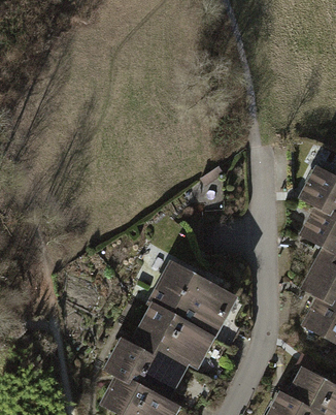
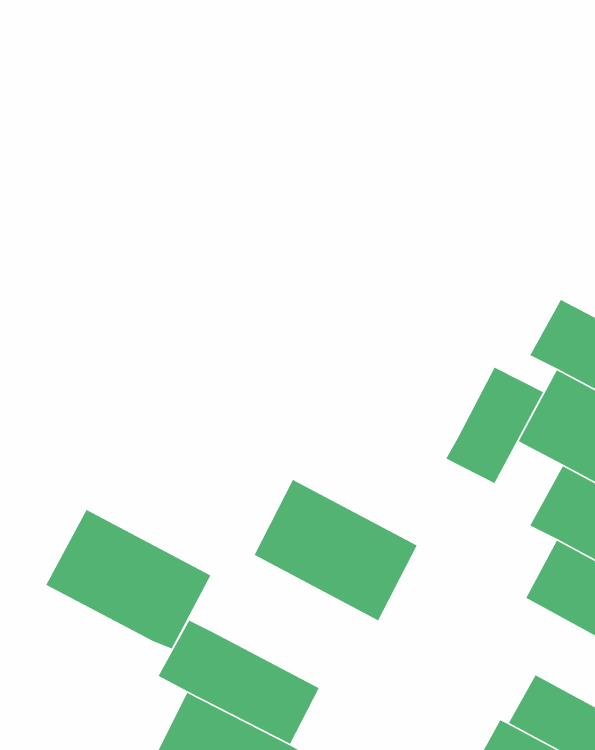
building: none -> [445,366,544,484]
building: [132,301,220,376] -> [45,509,211,650]

